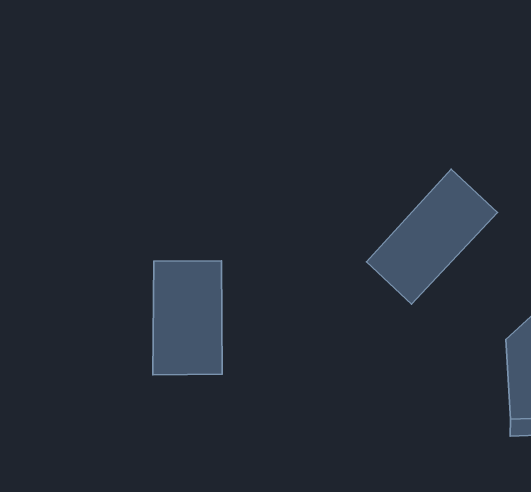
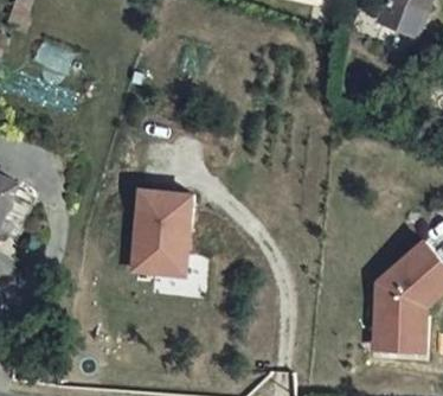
building: [366,169,497,304] -> none

